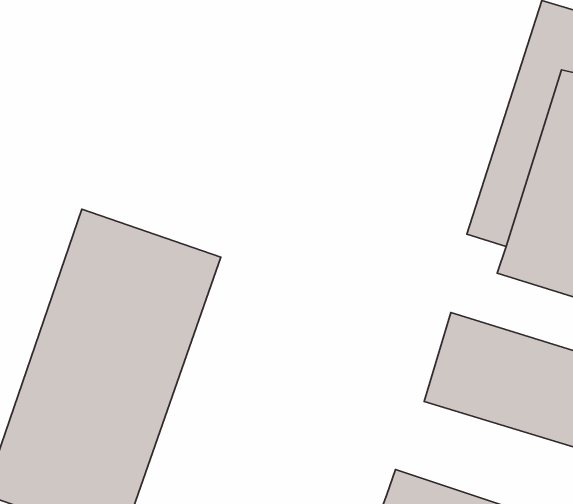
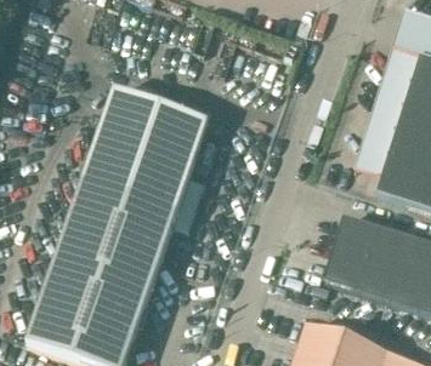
building: none -> [92,88,208,181]

